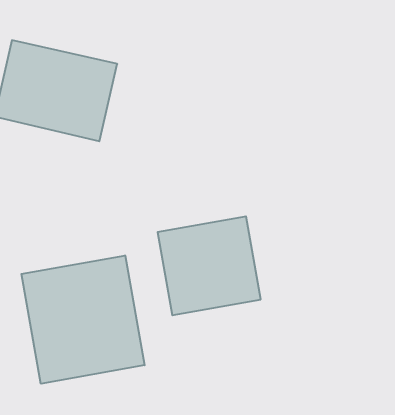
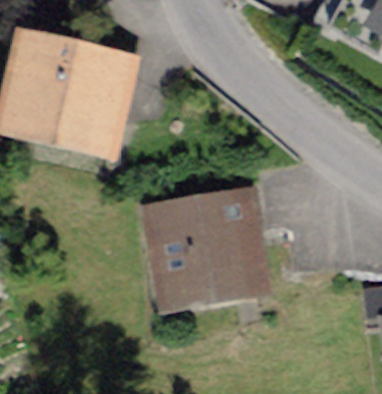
building: [21,255,145,384] -> none

